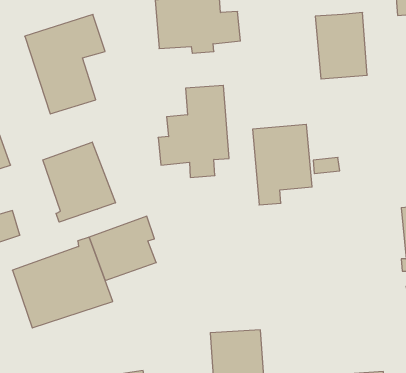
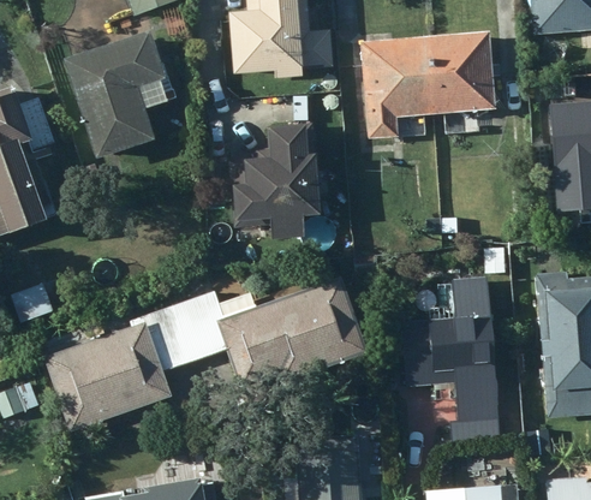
building: [253,124,312,205] -> [360,35,436,137]
building: [43,142,115,222] -> none
building: none -> [216,276,366,395]
building: none -> [423,276,502,444]

